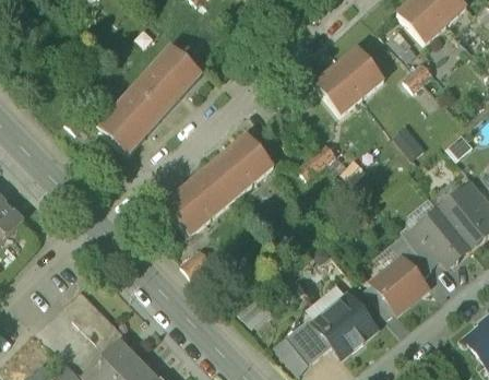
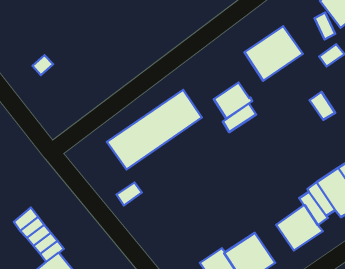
building: [100,47,202,154] -> none
building: none -> [214,83,252,119]

